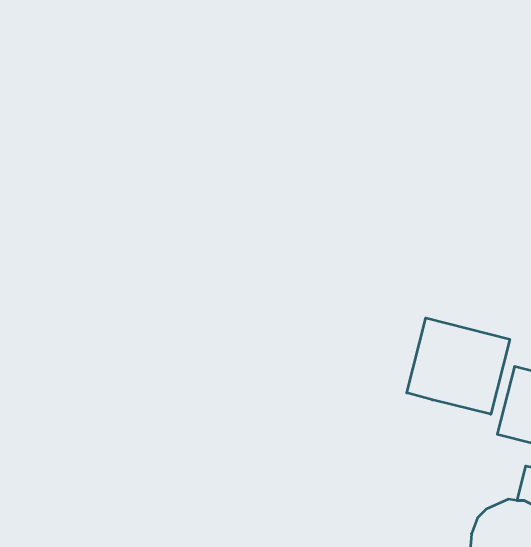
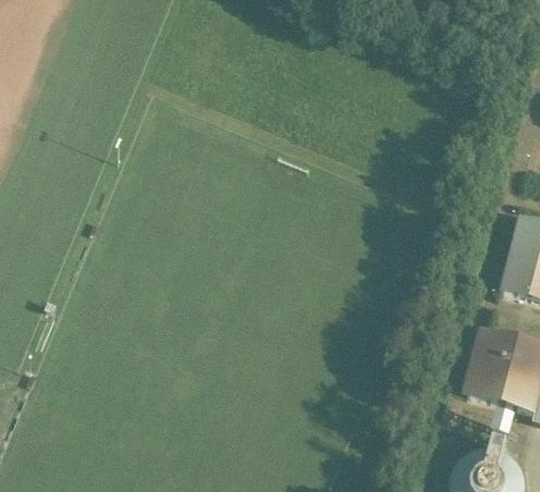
building: [407,318,510,414] -> none

